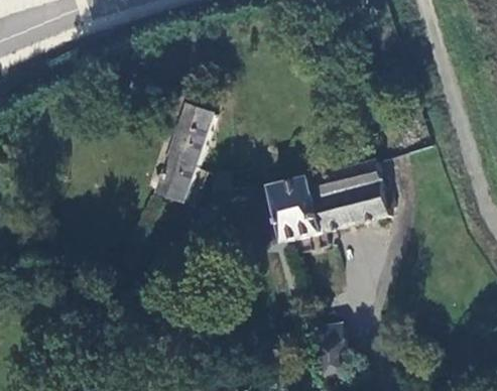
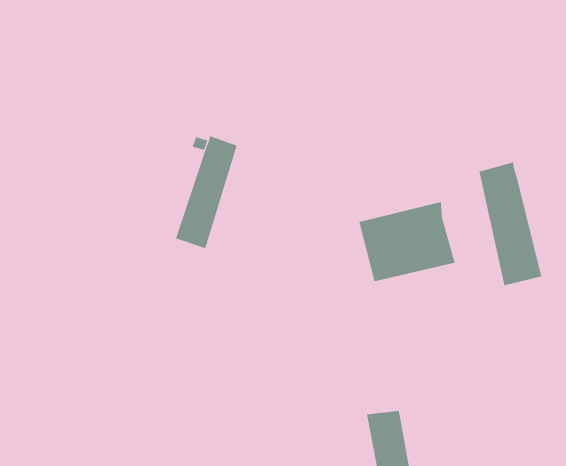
building: none -> [479,162,542,286]
building: [271,177,321,244] -> none

